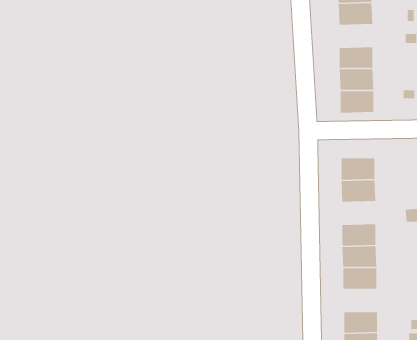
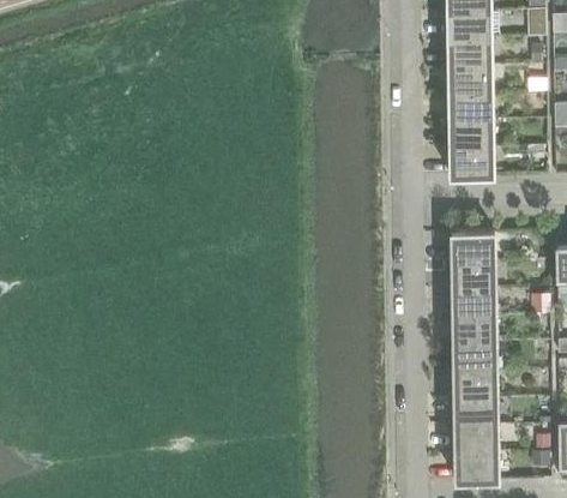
building: none -> [448,70,491,98]
building: none -> [452,292,495,320]
building: none -> [453,402,497,430]

